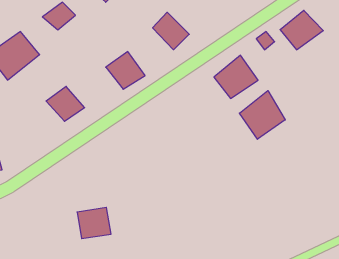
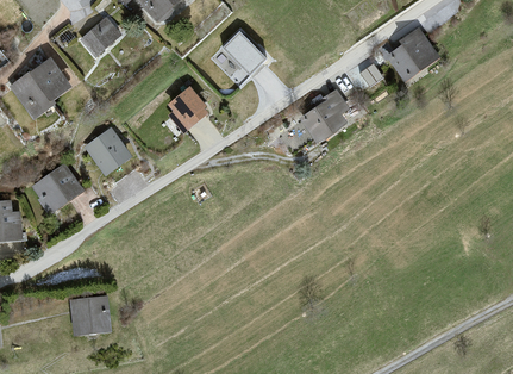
building: [239,91,285,139] -> none
building: none -> [30,166,83,212]
building: [77,207,111,239] -> [64,292,108,332]

